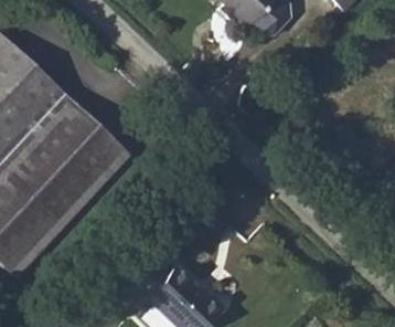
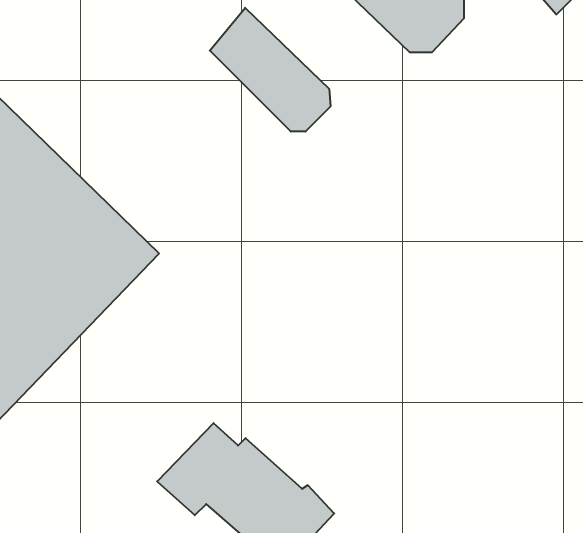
building: none -> [210,8,330,132]

